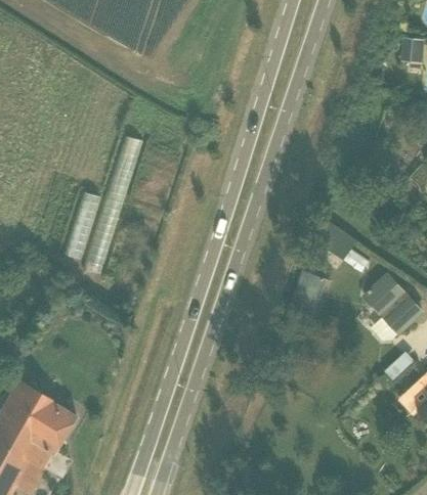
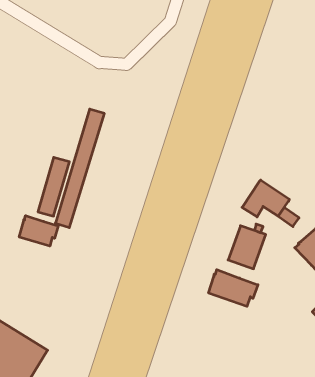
building: none -> [19,216,58,246]
building: none -> [209,270,258,306]

